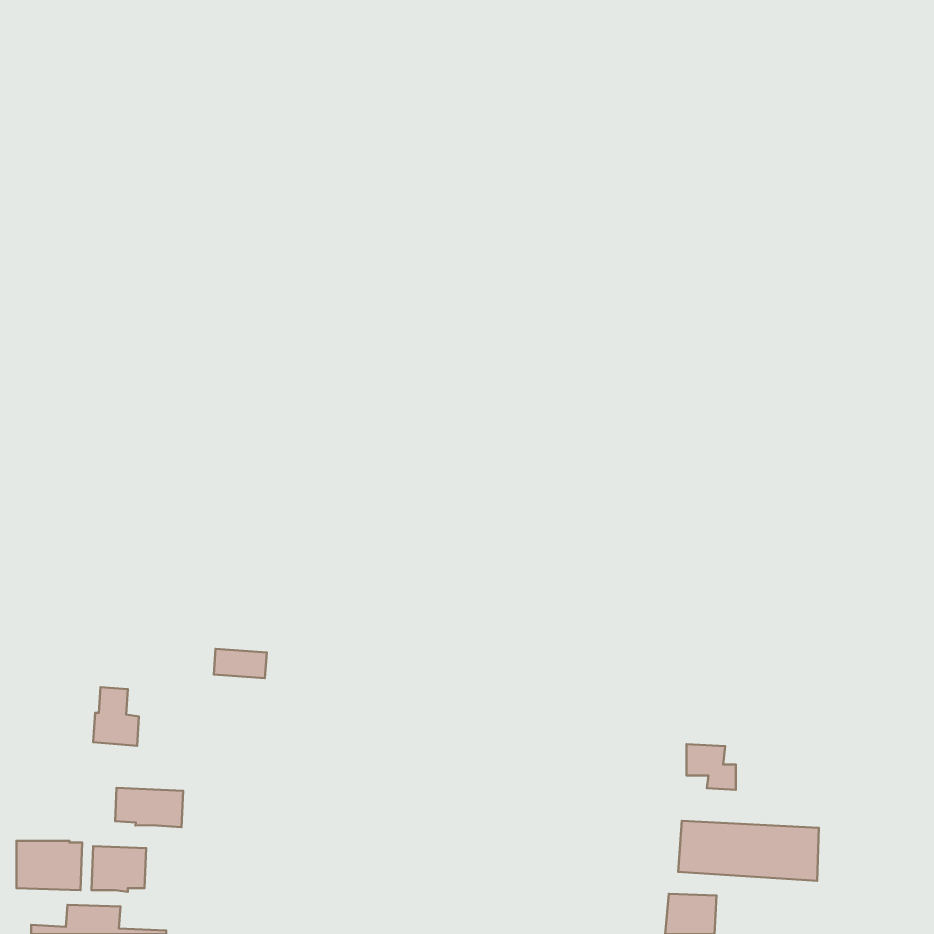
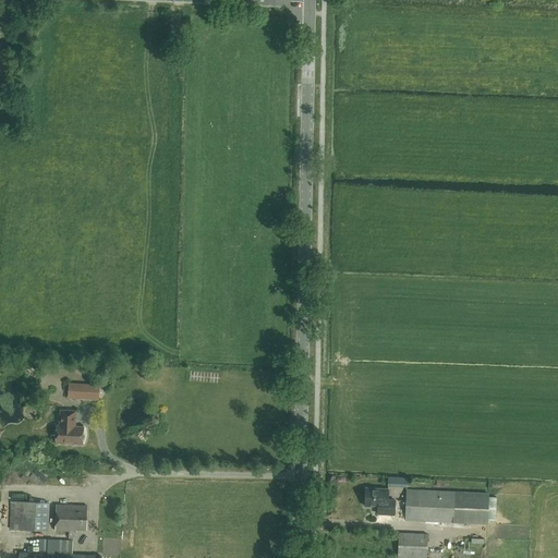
building: [214,649,267,678] -> [68,383,99,400]
building: [687,744,736,790] -> [365,488,395,515]
building: [115,788,183,827] -> none

